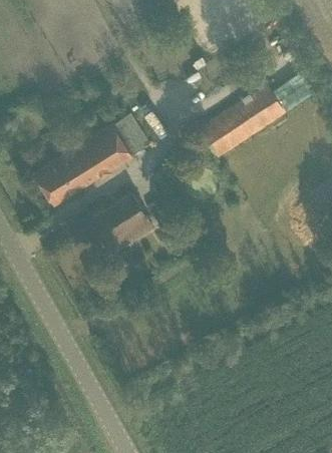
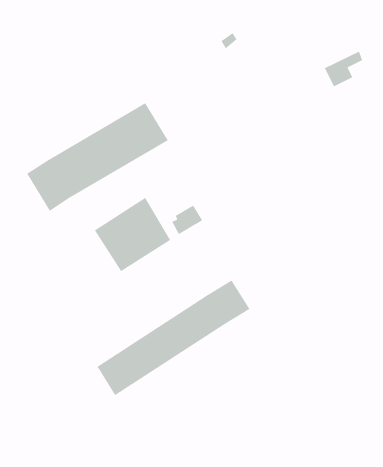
building: [197,86,286,159] -> none
building: none -> [96,279,250,396]

